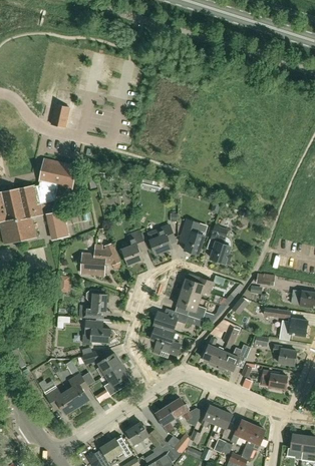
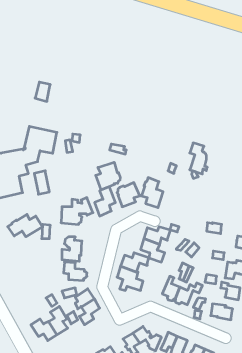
building: none -> [96,162,120,190]
building: [210,226,231,264] -> [190,143,207,174]
building: none -> [8,214,43,237]

